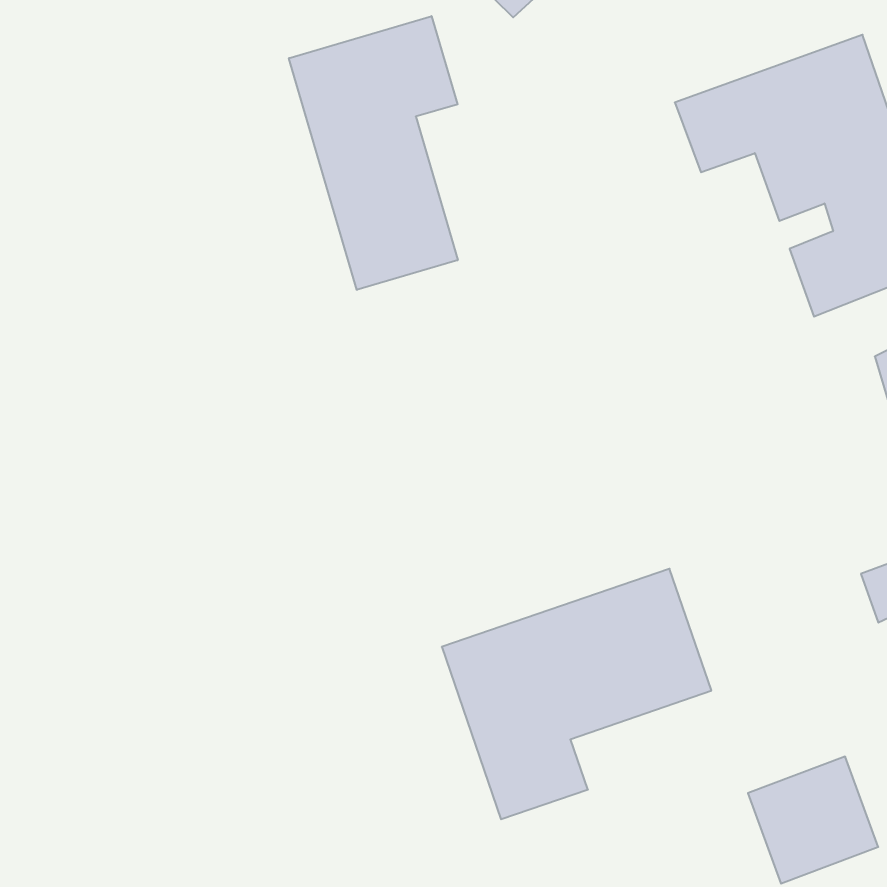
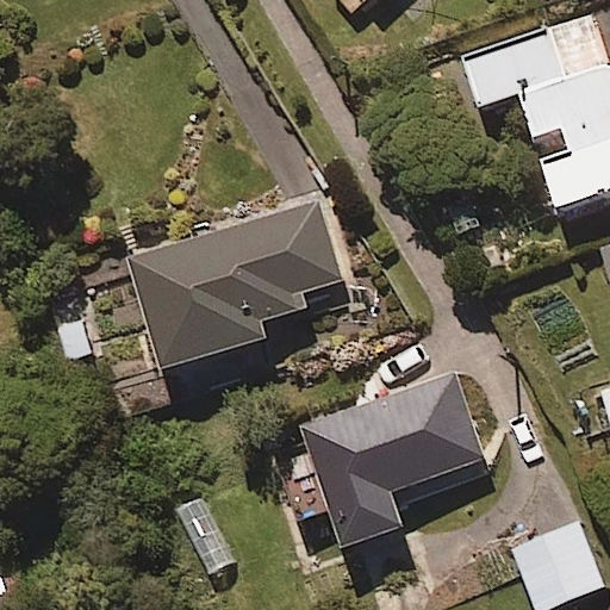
building: [289,16,458,290] -> none
building: none -> [129,197,342,362]

